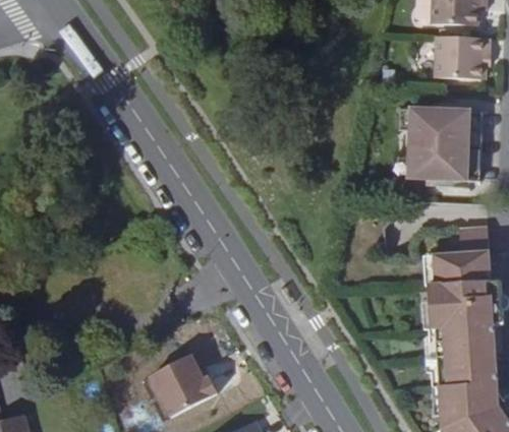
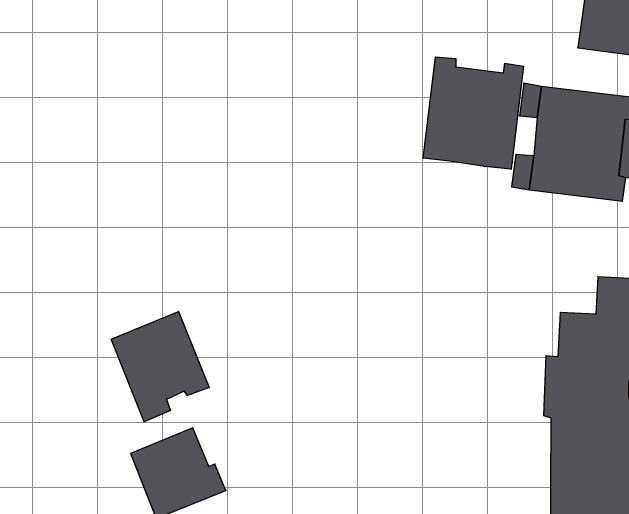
building: none -> [423,57,524,169]
building: none -> [111,312,209,422]

